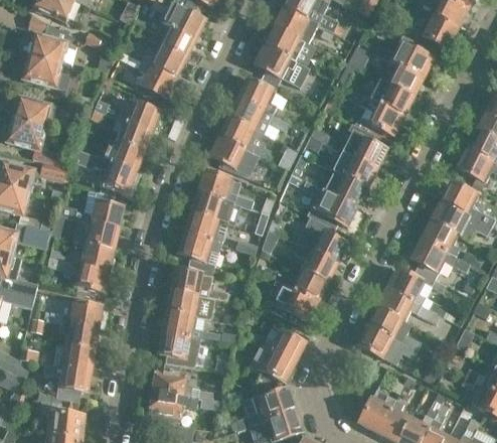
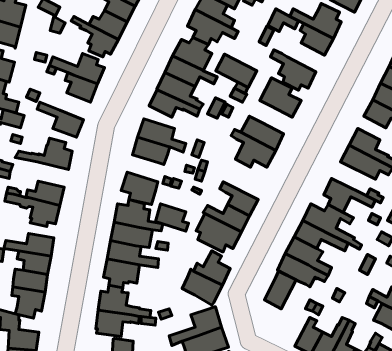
building: [370,84,413,117] -> none
building: [86,141,144,172] -> none
building: [329,150,376,188] -> [216,54,257,87]
building: [186,212,224,244] -> [155,204,189,231]
building: [55,215,119,250] -> none
building: [297,217,347,264] -> none
building: [422,220,460,257] -> none
building: [360,390,396,433] -> [265,271,296,309]

